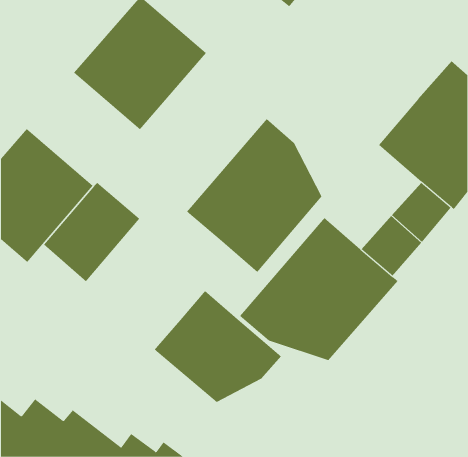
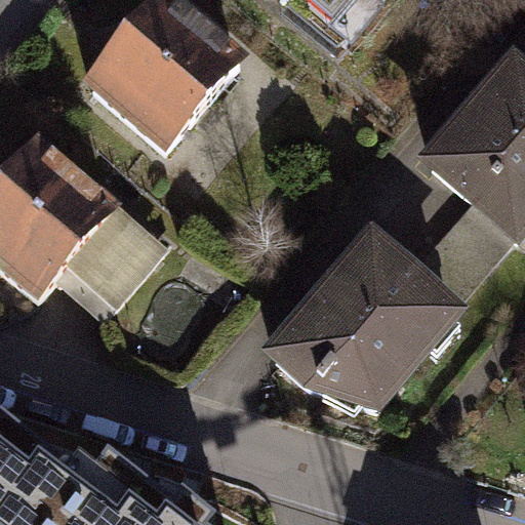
building: [186,118,322,273] -> none
building: [154,290,282,403] -> none

